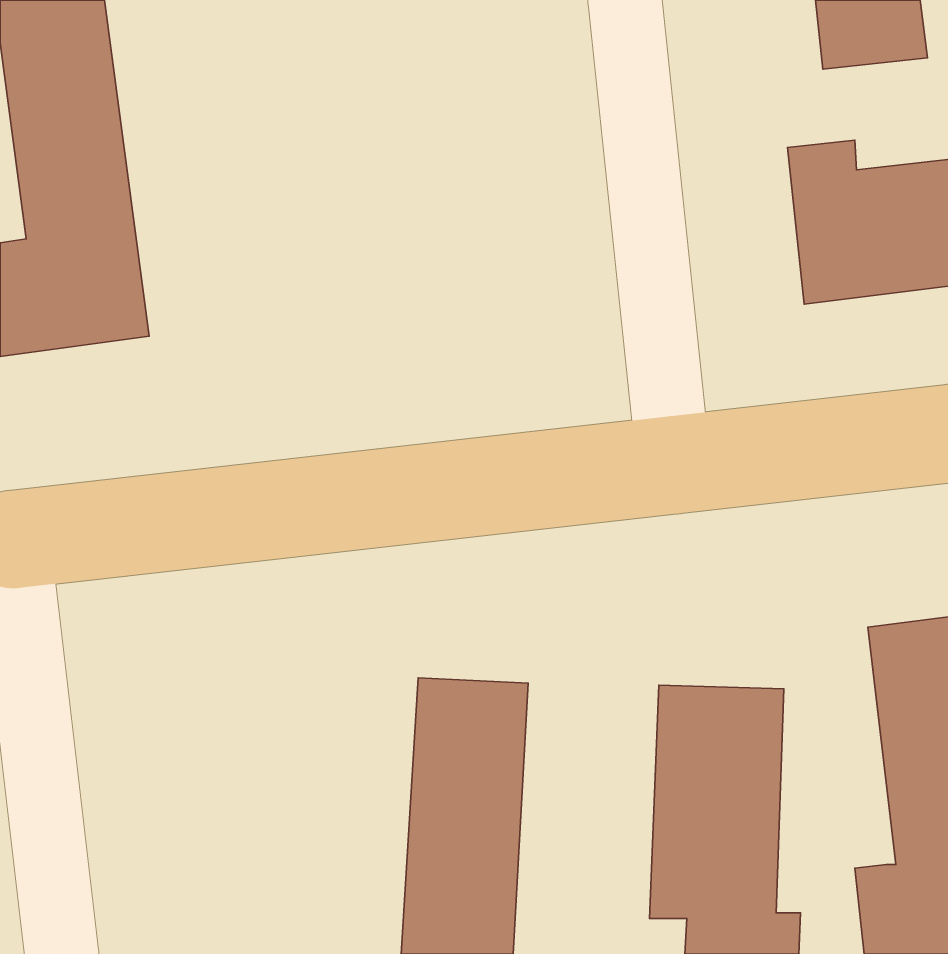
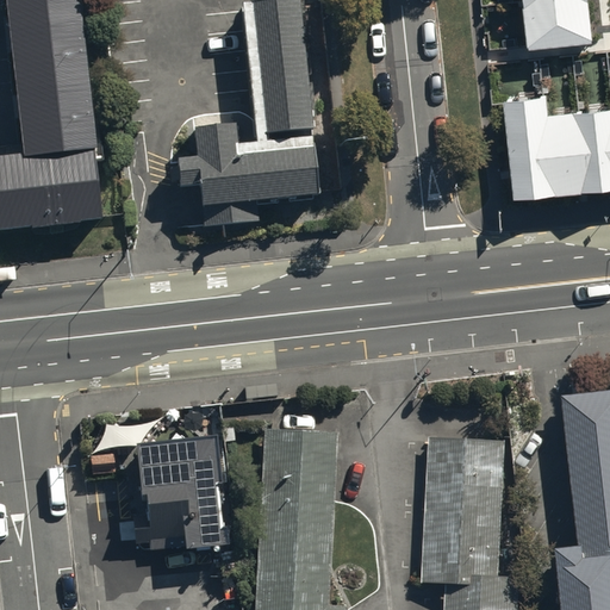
building: none -> [247,7,312,145]
building: none -> [174,129,313,212]
building: none -> [135,423,229,539]

